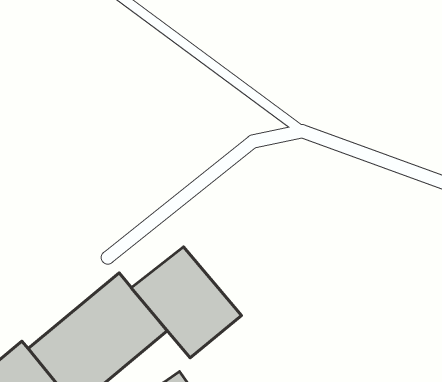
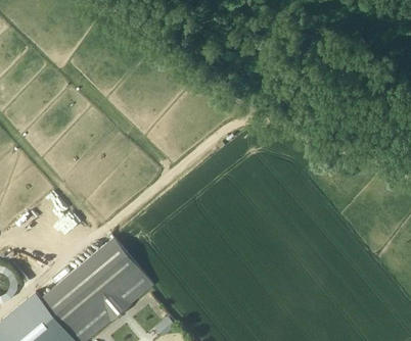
building: [131,247,241,358] -> none

